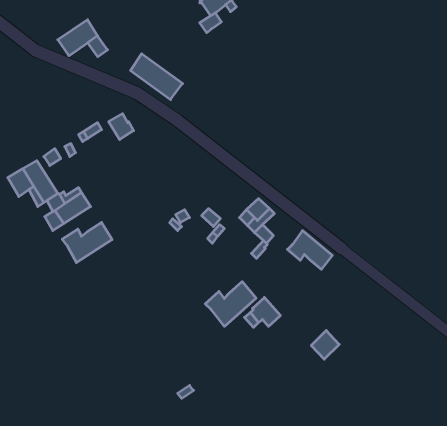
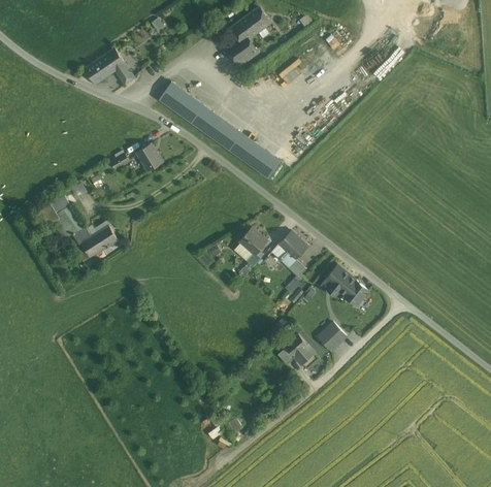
building: none -> [200,112,280,177]
building: none -> [238,227,266,254]
building: [62,222,112,263] -> none
building: [205,282,256,326] -> none
building: [311,330,339,359] -> [317,321,346,351]

